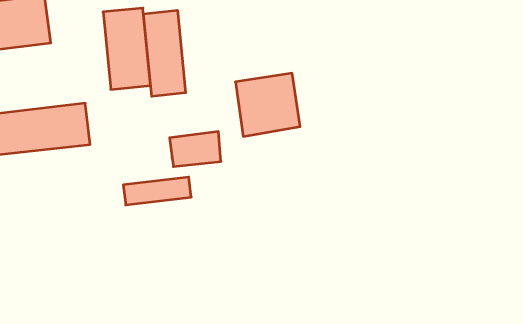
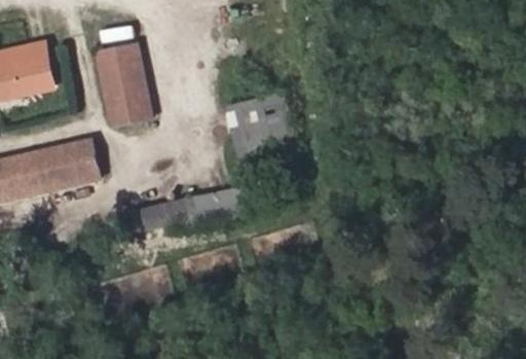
building: [143,10,186,96] -> none
building: [170,132,221,167] -> [194,189,245,226]

